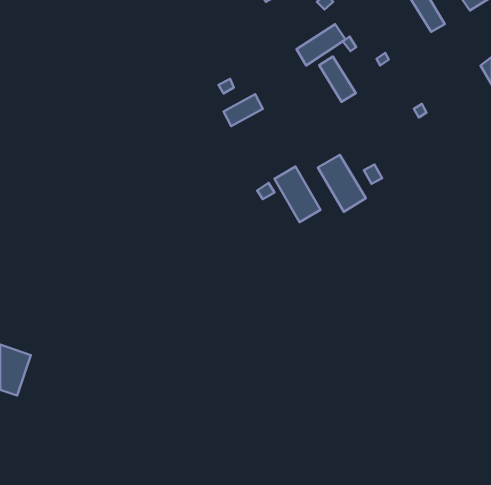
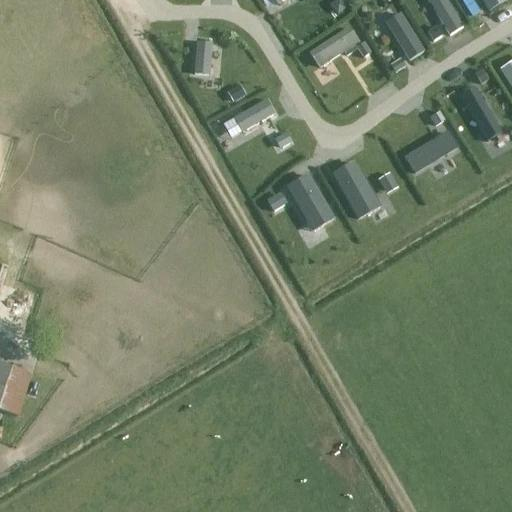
building: none -> [194,40,214,73]
building: [319,56,356,102] -> [386,12,424,59]
building: none -> [461,86,502,140]
building: none -> [404,131,458,174]

